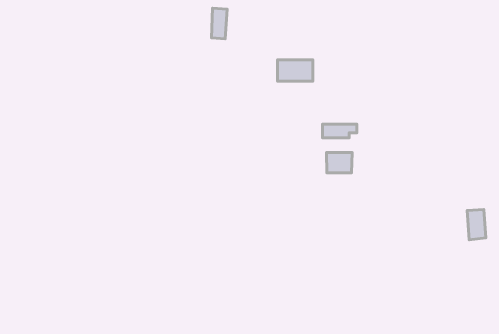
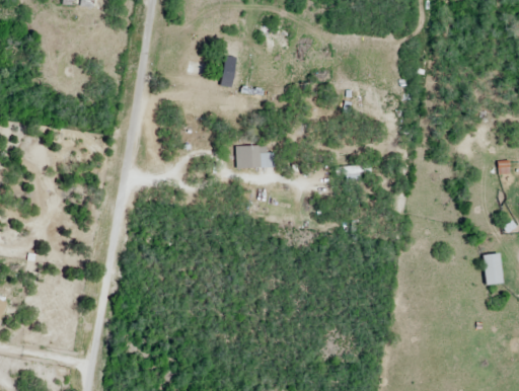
building: [277,60,313,81] -> [236,146,273,168]
building: [327,153,352,173] -> none

